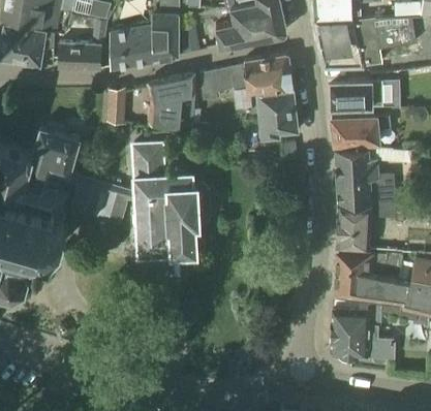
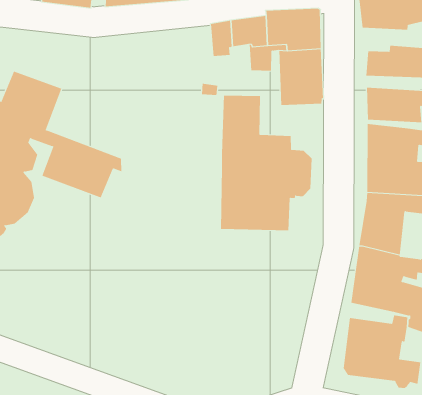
building: [147,75,197,128] -> none
building: [107,90,126,127] -> none
building: [133,141,212,254] -> [220,95,312,231]

